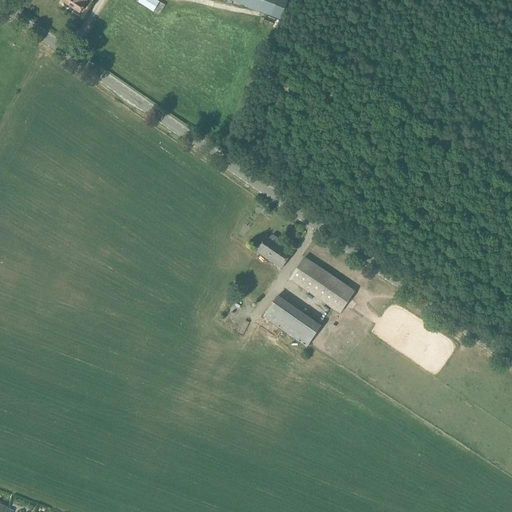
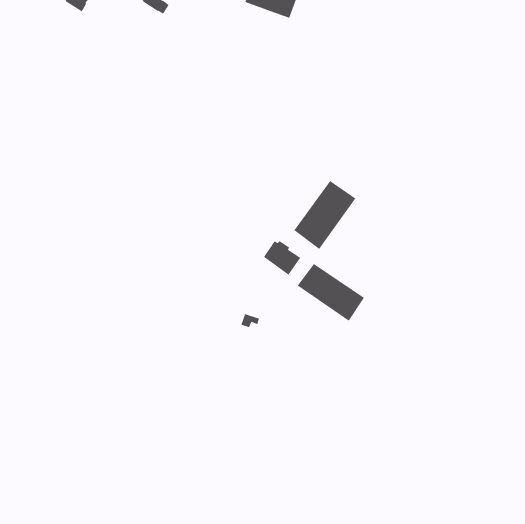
building: none -> [294,180,356,250]
building: [263,294,322,346] -> none

